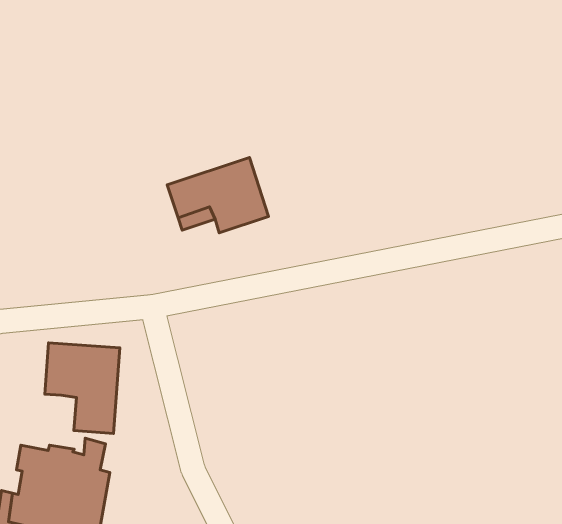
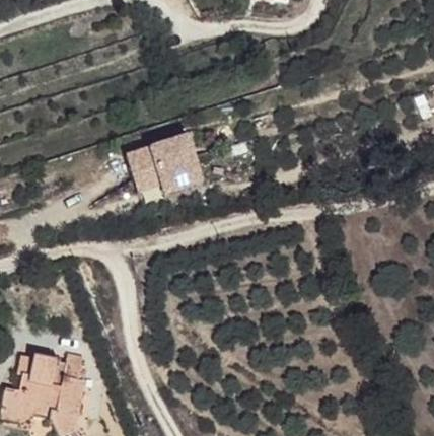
building: [45,343,120,433] -> none

